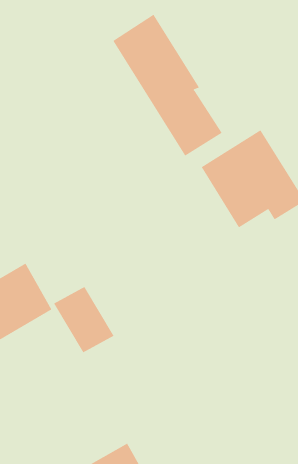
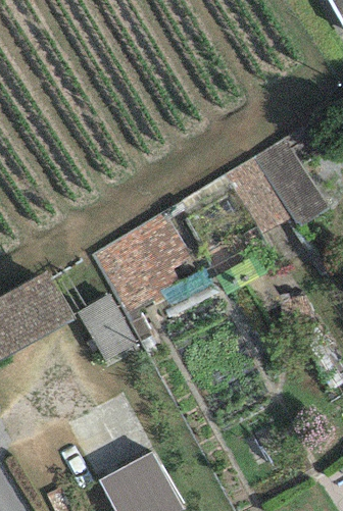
building: [113,14,223,156] -> none
building: none -> [92,211,192,313]

